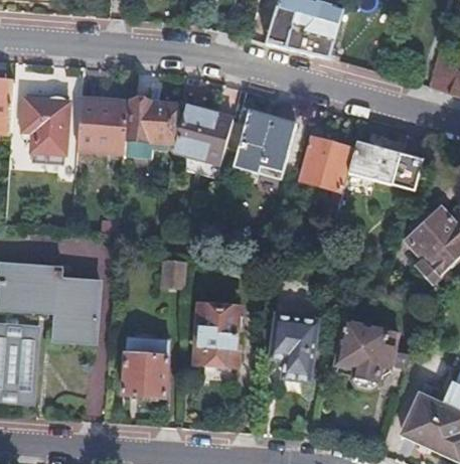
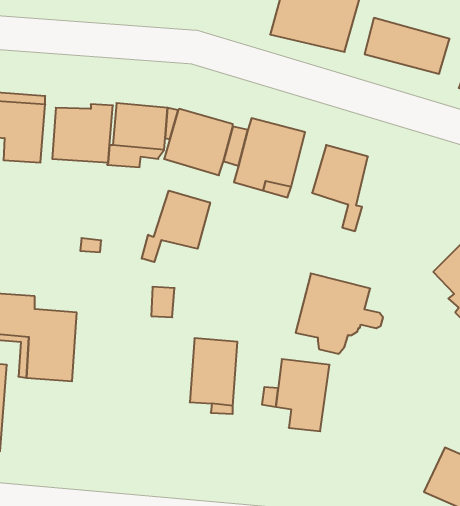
building: [349,140,423,188] -> [365,18,450,74]
building: none -> [142,191,210,262]
building: [332,321,408,391] -> [296,273,383,354]
building: [123,333,169,394] -> none

